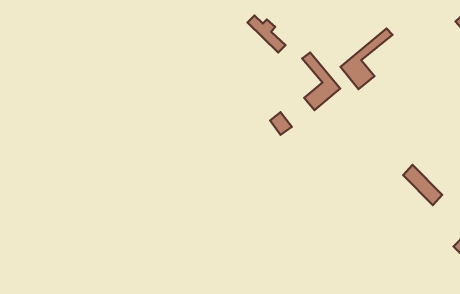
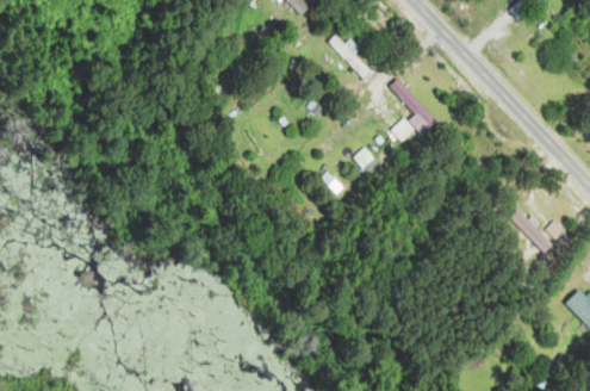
building: [340,29,393,89] -> none

